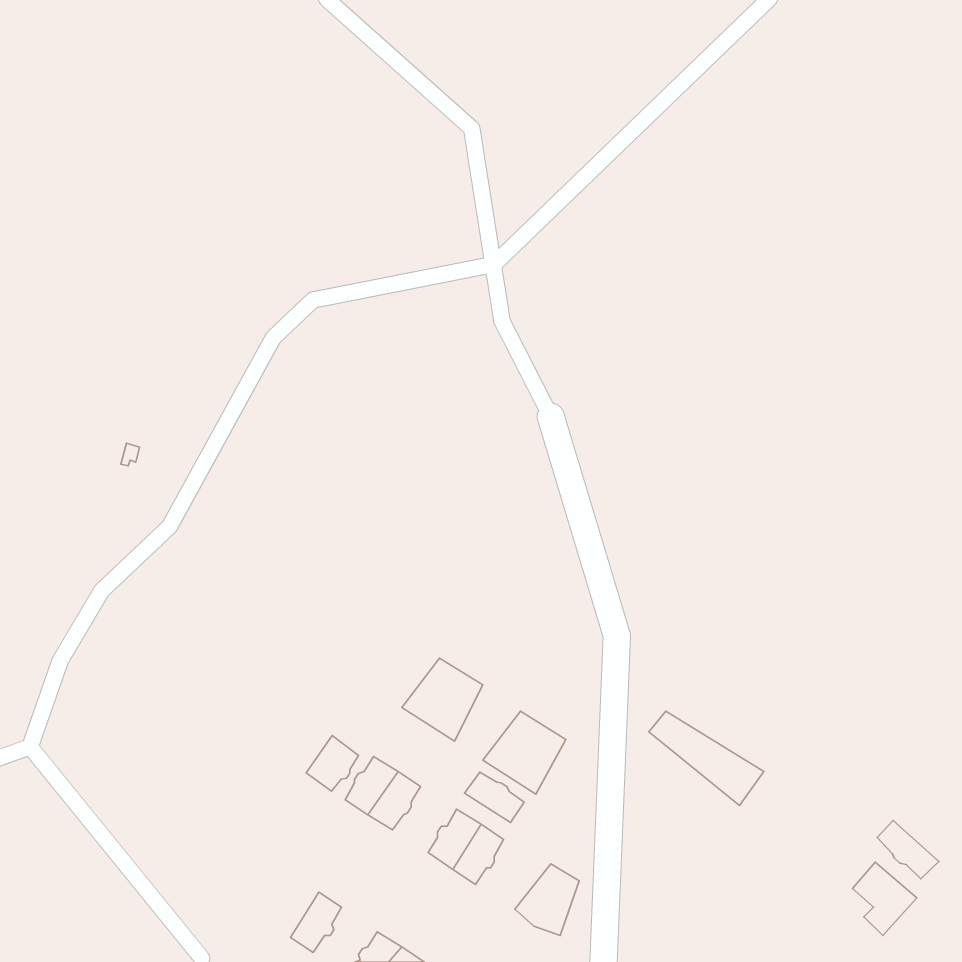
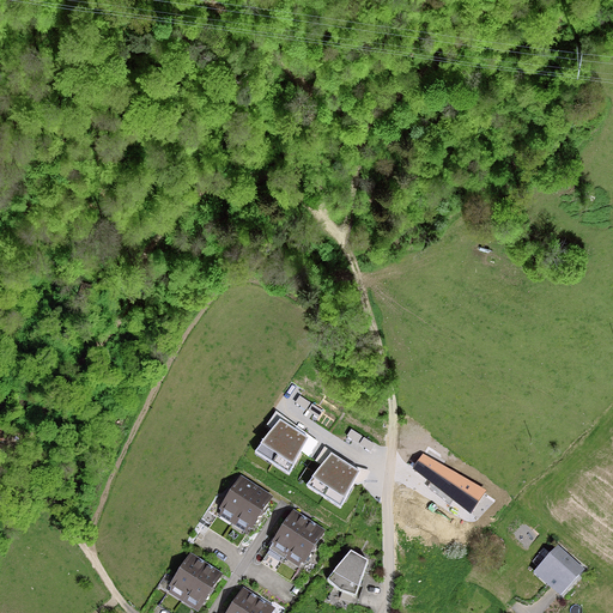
building: [306,736,358,791] -> none
building: [464,772,524,823] -> none
building: [877,821,939,879] -> none
building: none -> [169,557,202,595]

